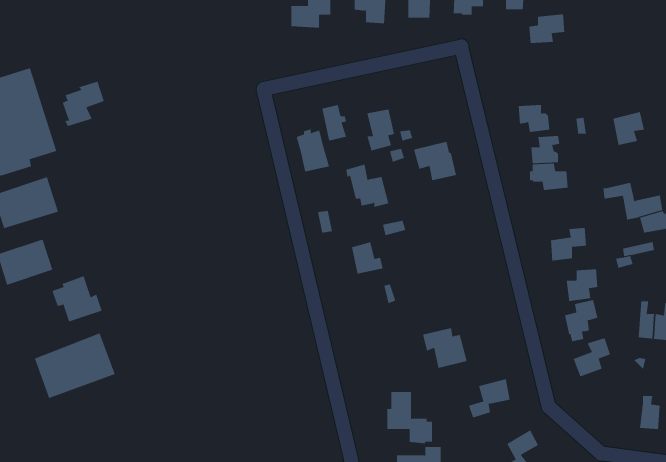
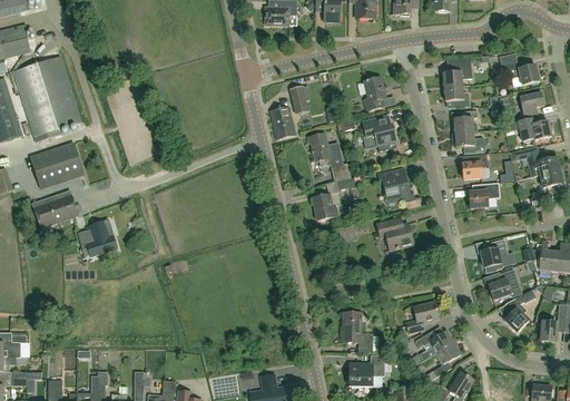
building: [529,14,565,43] -> [443,62,472,86]
building: none -> [499,52,539,86]
building: [62,81,105,127] -> none
building: [367,109,395,151] -> [363,77,385,110]
building: none -> [518,117,552,141]
building: none -> [377,169,414,203]
building: [566,269,598,301] -> [462,153,488,178]
building: [422,327,467,368] -> [377,217,413,250]
building: [34,333,115,399] -> none
building: none -> [504,288,534,331]
building: none -> [415,329,454,360]

